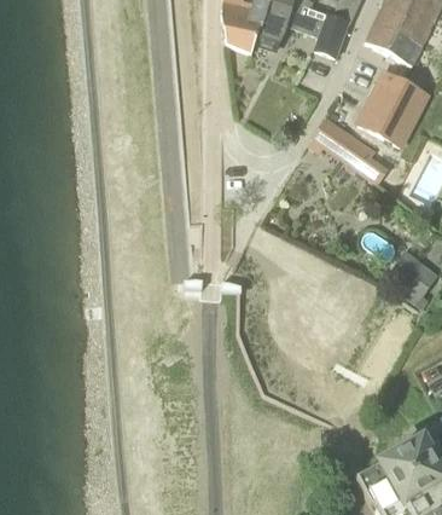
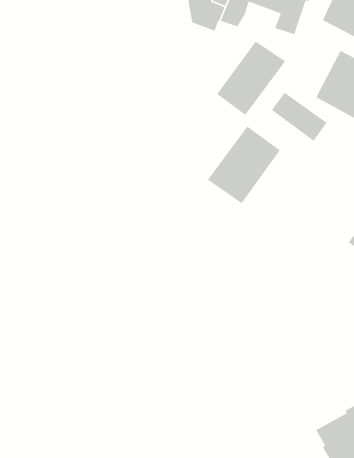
building: none -> [216,40,286,116]
building: none -> [207,125,281,204]

